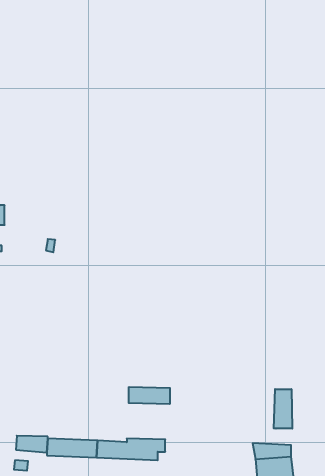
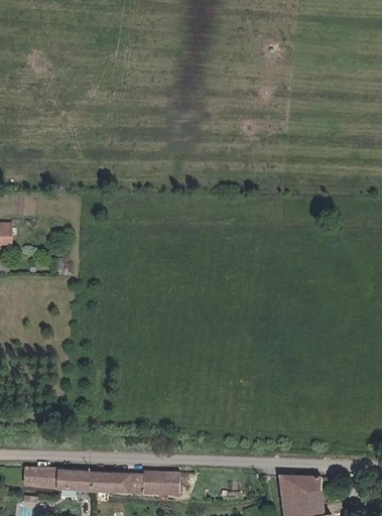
building: [129,387,170,404] -> none
building: [274,389,292,429] -> none

